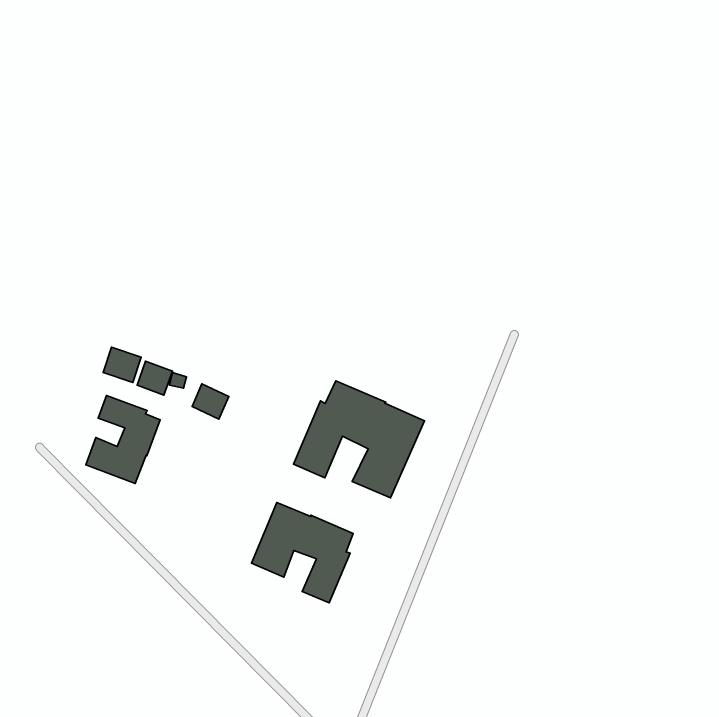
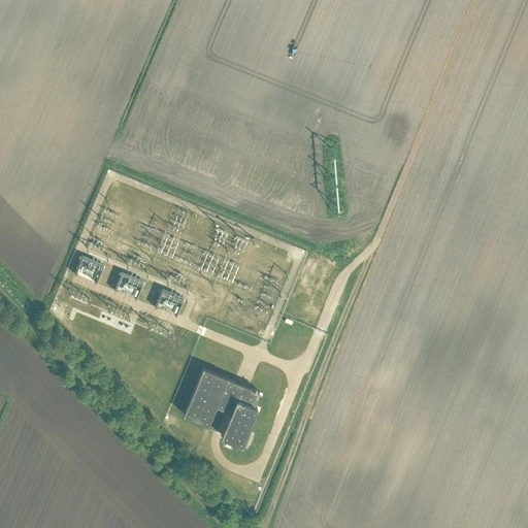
building: [293,381,424,498] -> none
building: [86,396,160,484] -> none

